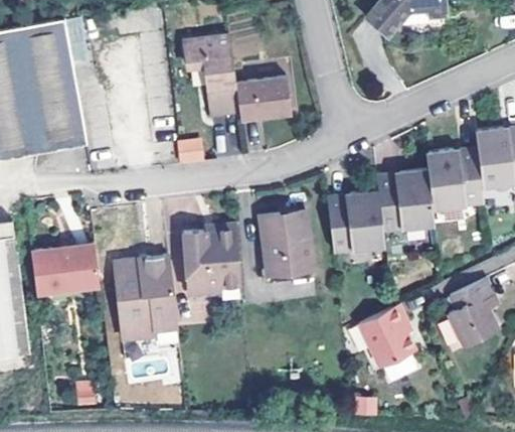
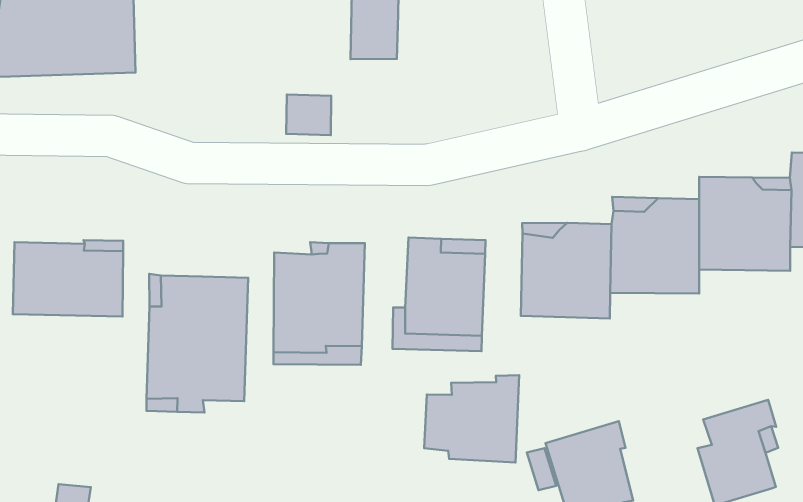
building: [235,80,291,121] -> none
building: none -> [424,375,519,462]

